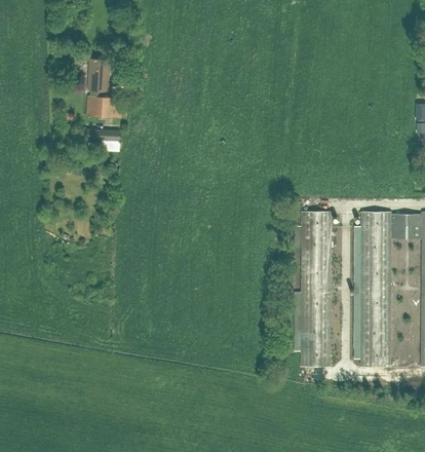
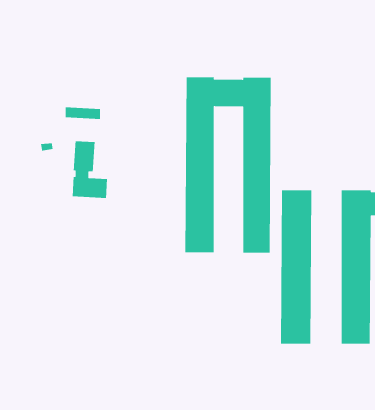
building: [84,60,120,118] -> [72,140,108,199]
building: none -> [185,76,272,254]

